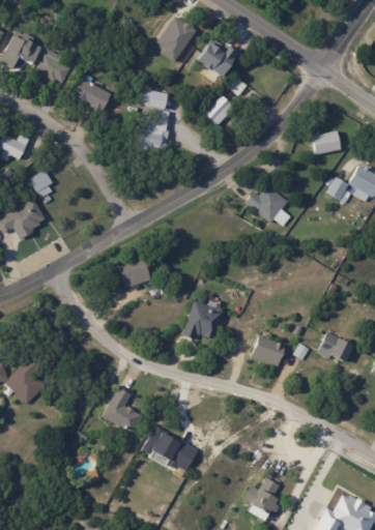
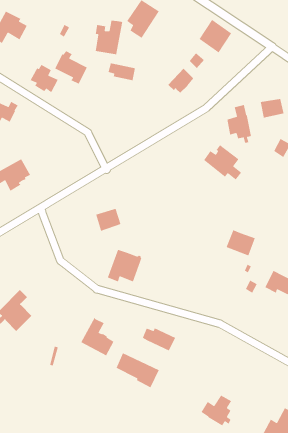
building: [196,35,235,76] -> [199,19,232,53]
building: [36,50,70,84] -> [30,64,59,93]
building: [137,110,170,151] -> [95,20,123,55]
building: none -> [226,104,252,143]
building: [29,171,53,199] -> none
building: [181,299,223,338] -> [107,249,142,282]
building: [251,334,286,366] -> [226,229,256,256]
building: none -> [142,327,176,352]

